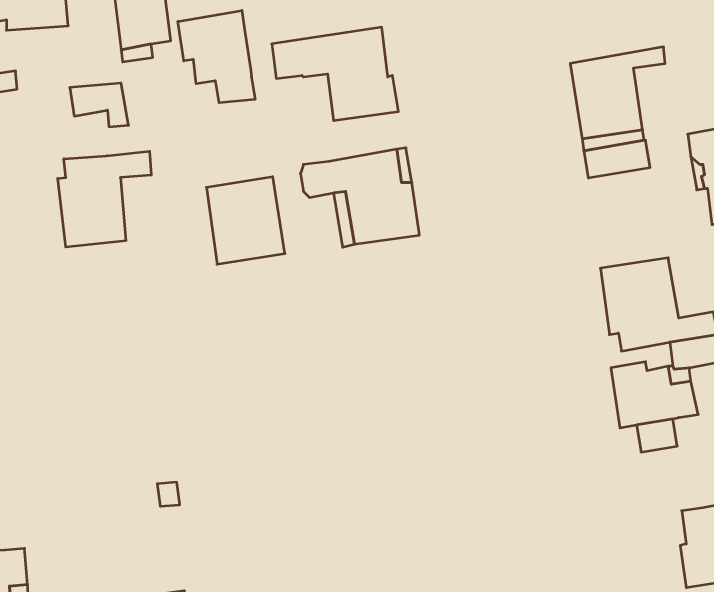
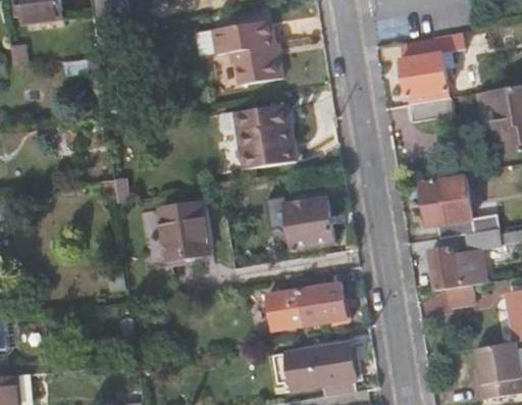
building: [178,10,255,103] -> none
building: [58,151,151,247] -> none
building: [206,177,285,264] -> [158,200,211,259]
building: none -> [268,195,334,247]
building: none -> [264,283,346,332]
building: none -> [278,339,357,395]

